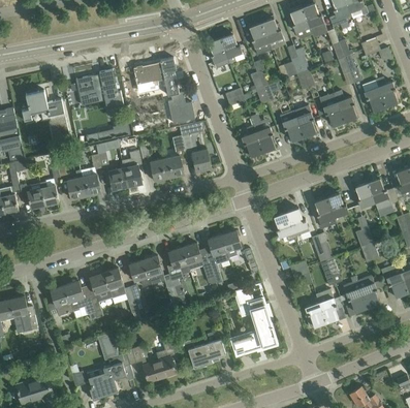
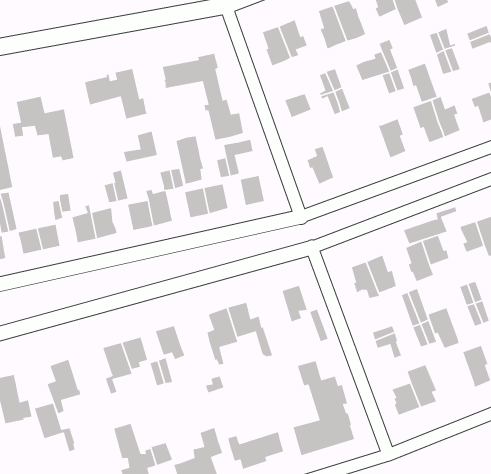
building: [281,111,304,140] -> [407,62,438,103]
building: [251,116,275,151] -> none
building: none -> [175,135,204,185]
building: none -> [403,206,457,244]
building: [208,234,231,283] -> none
building: [144,255,174,288] -> none
building: [343,280,367,311] -> [427,307,459,349]
building: [65,281,96,318] -> [34,403,76,453]

